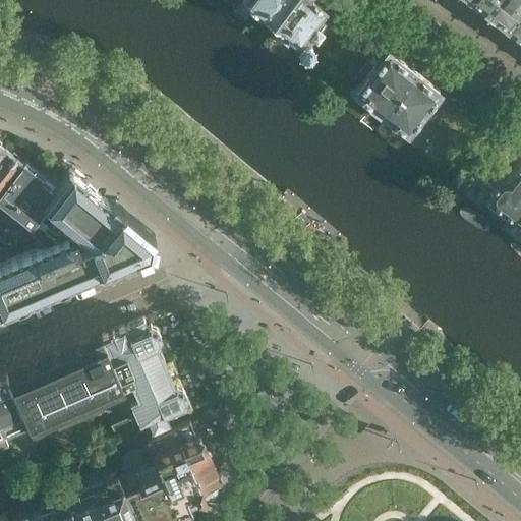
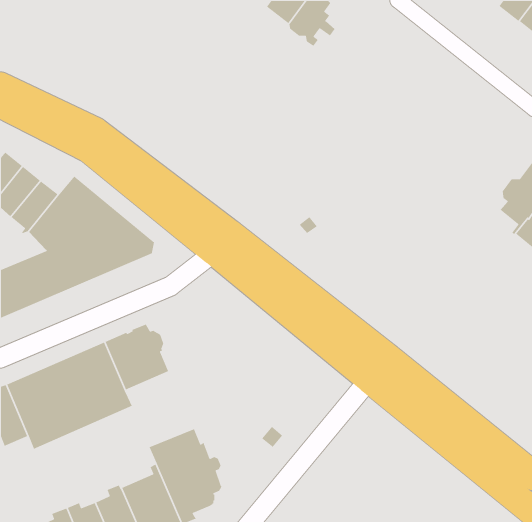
building: [357,58,441,138] -> none
building: [124,370,194,440] -> none

